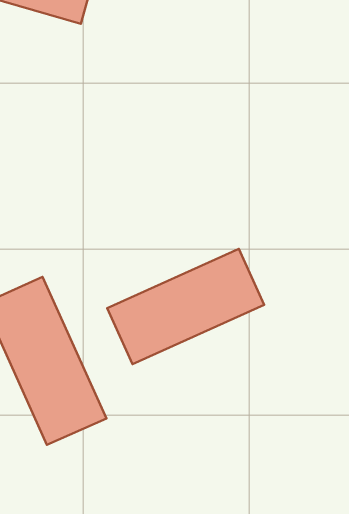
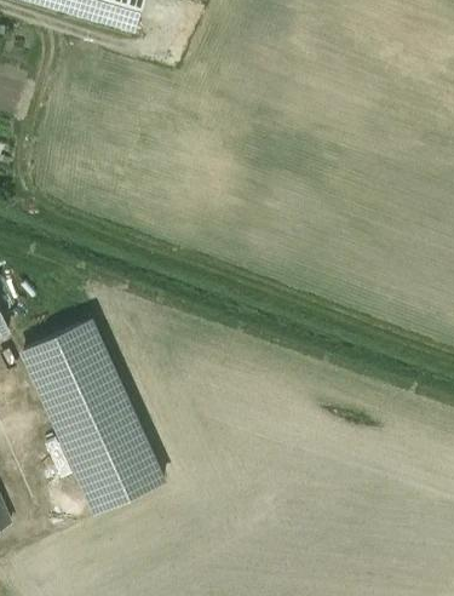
building: [107,249,264,364] -> none

